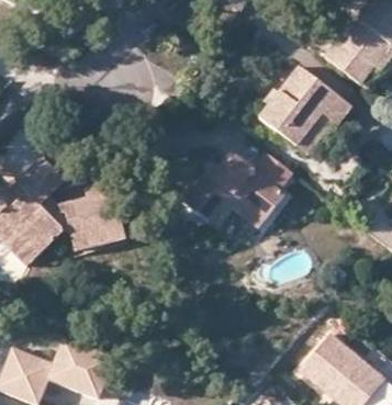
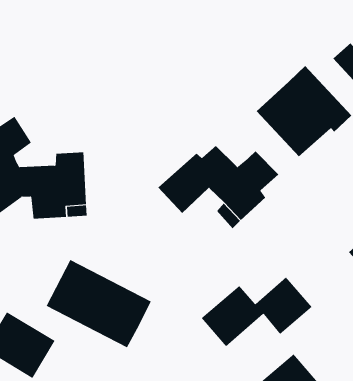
building: none -> [201,276,313,347]
building: none -> [46,259,152,348]

